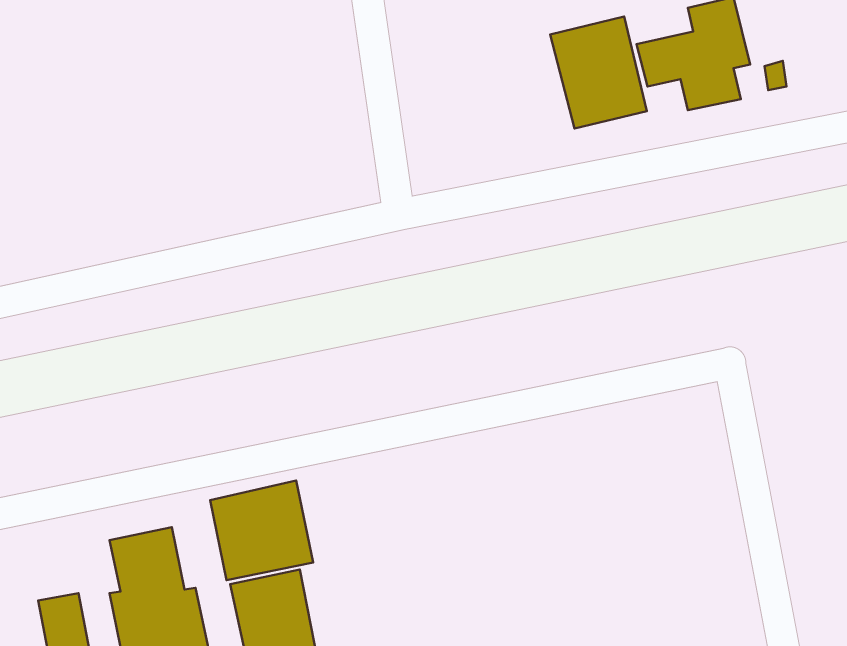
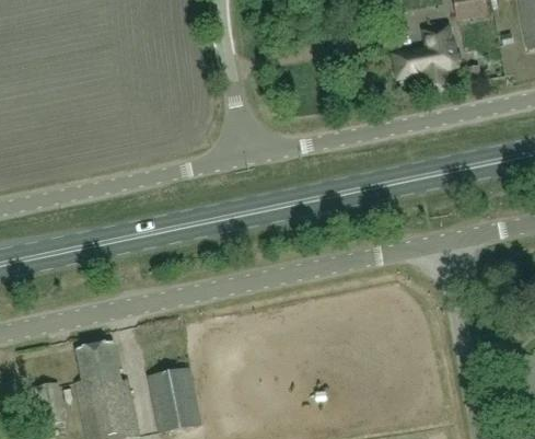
building: [550,17,647,128] -> none
building: [210,480,313,580] -> none

